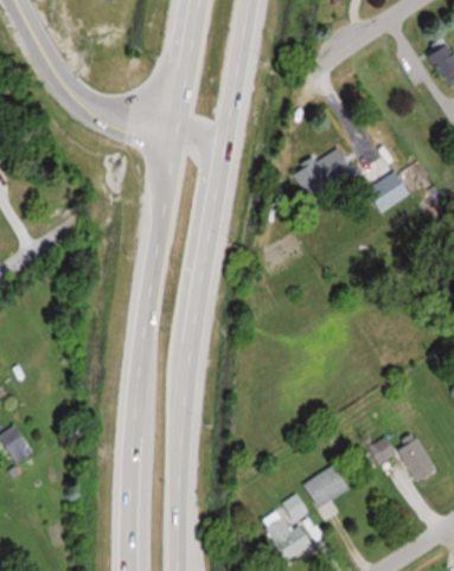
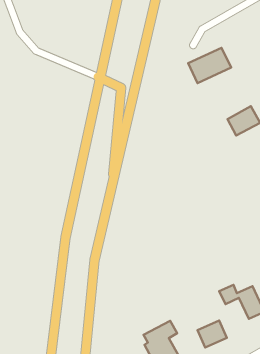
building: [293,146,357,200] -> [188,48,231,83]
building: [306,464,350,506] -> [198,320,227,348]

